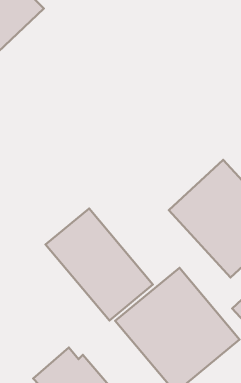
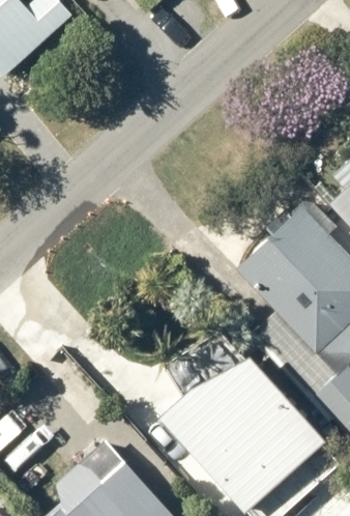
building: [46,208,153,321] -> none

